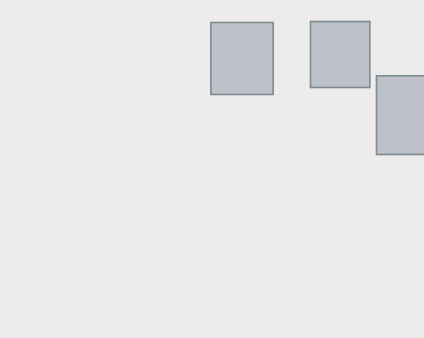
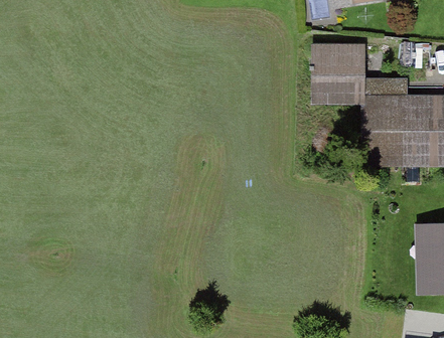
building: [211,22,273,94] -> none

